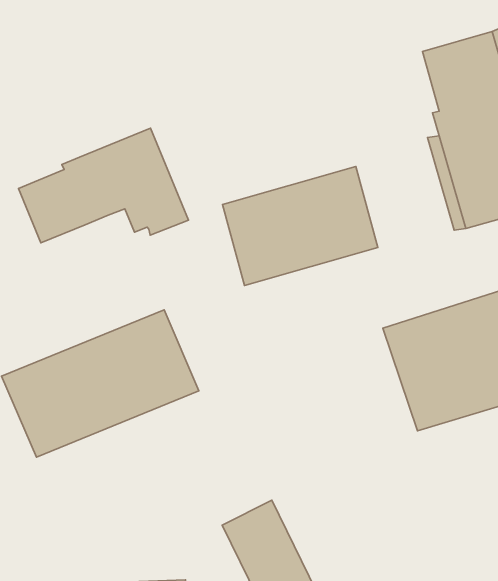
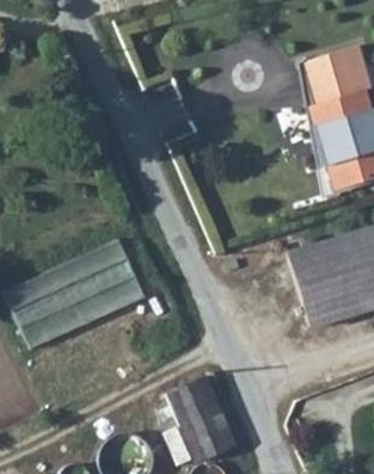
building: [19,128,189,243] -> none
building: [223,167,378,286] -> none

